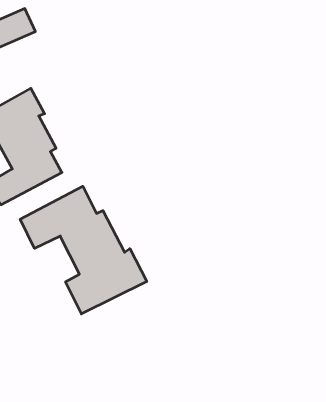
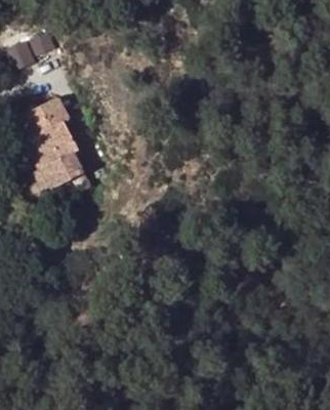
building: [20,186,147,314] -> none

